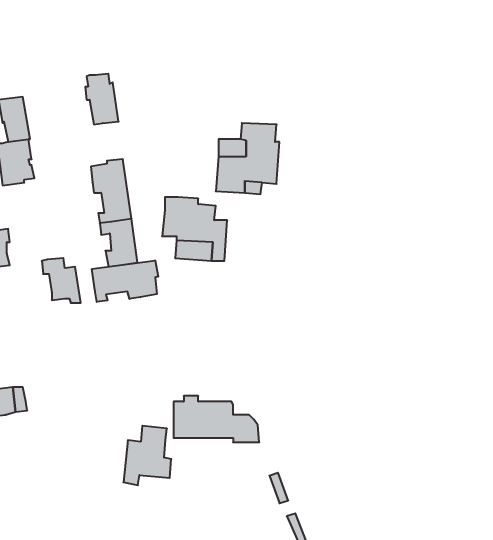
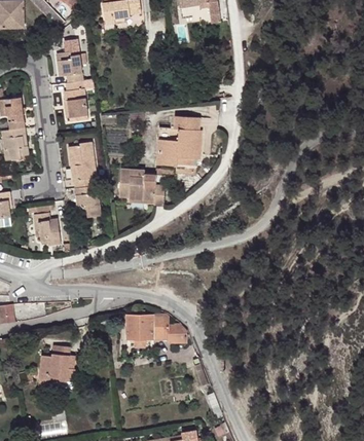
building: none -> [60,51,85,82]
building: [92,260,158,302] -> none
building: [123,426,171,485] -> [39,344,73,387]

